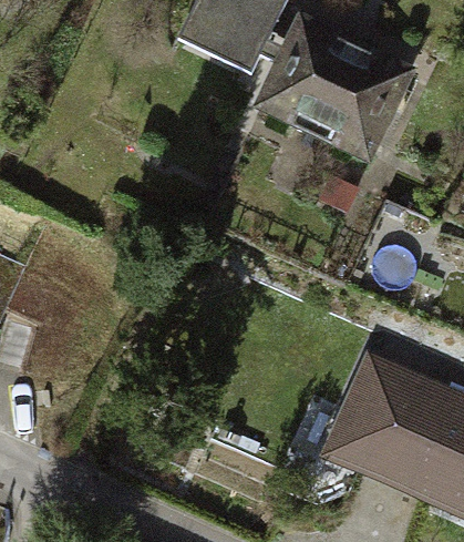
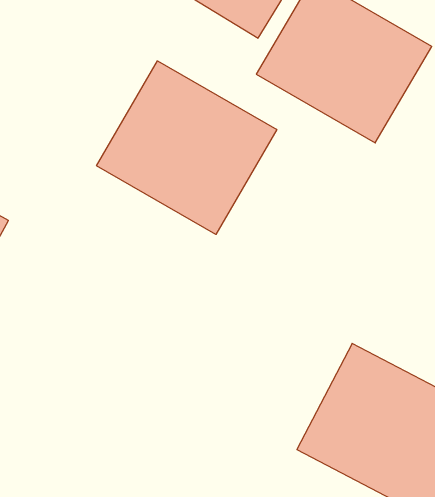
building: none -> [97,61,277,234]

